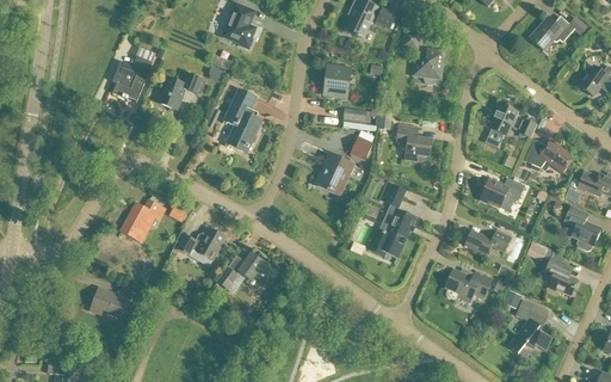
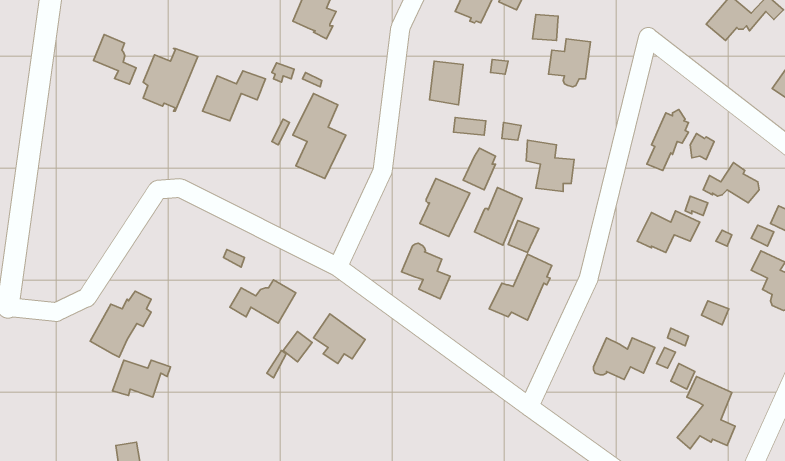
building: none -> [94,35,136,84]
building: none -> [475,188,522,245]
building: [121,192,166,241] -> [90,291,151,357]
building: none -> [402,243,450,299]
building: [464,228,511,253] -> none
building: [545,257,578,295] -> none

